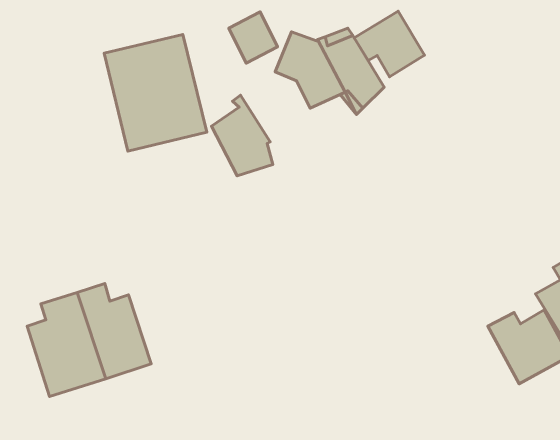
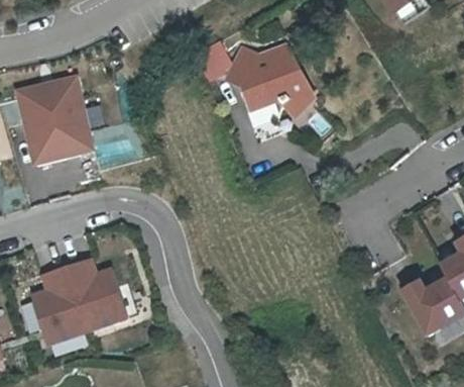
building: [354,11,425,77] -> none
building: [104,35,207,151] -> [12,72,95,166]
building: [211,95,273,176] -> none

